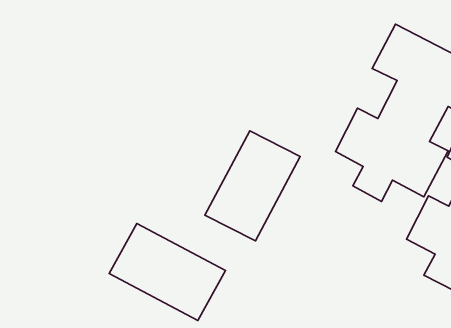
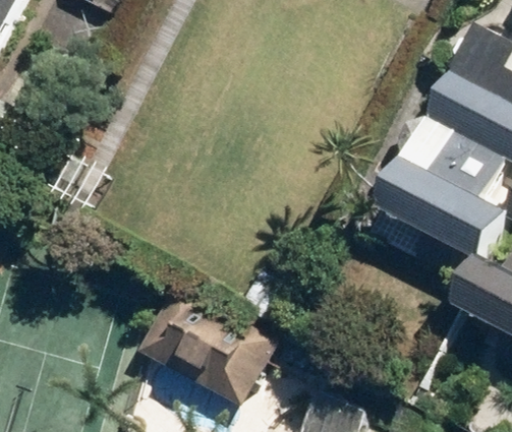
building: [205,131,300,241] -> none

